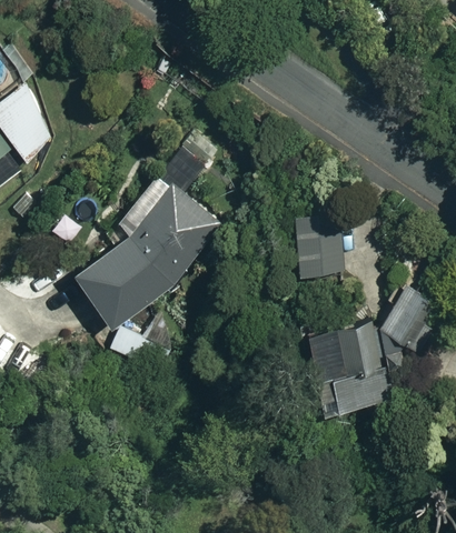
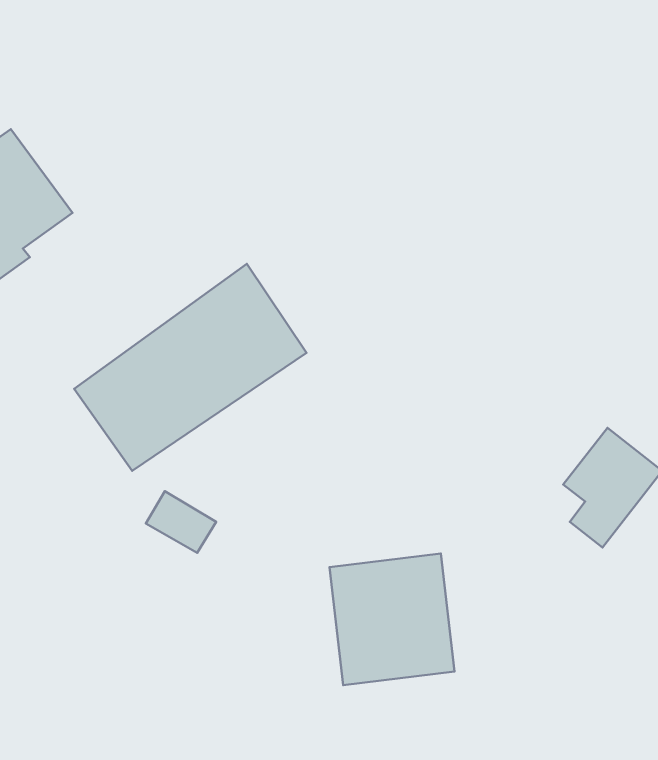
building: [296,211,344,274] -> none
building: [307,319,388,404] -> [330,554,454,685]

